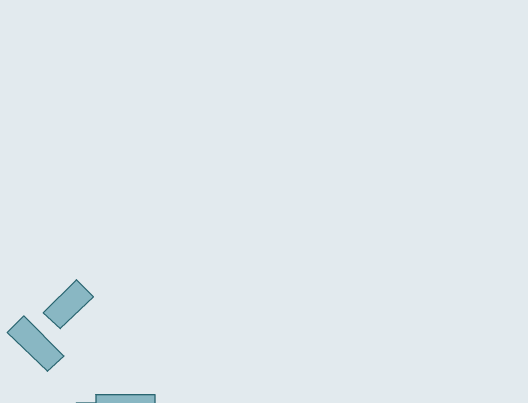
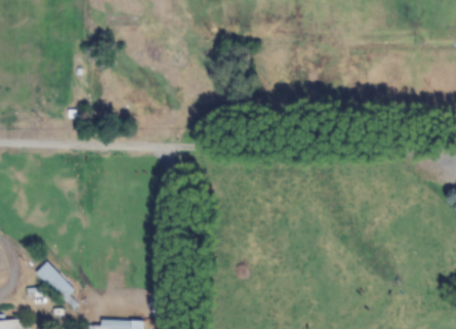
building: [43,280,93,329] -> none

